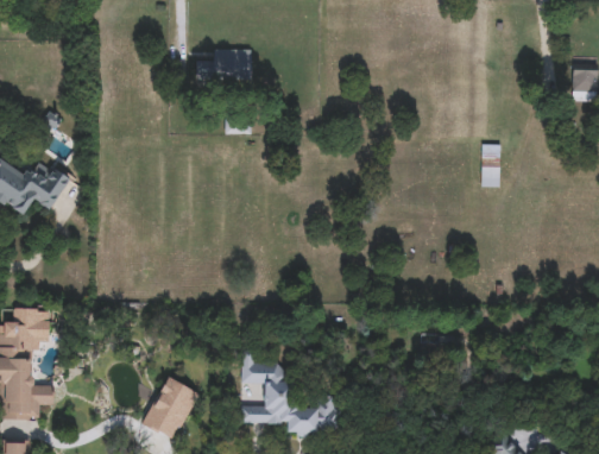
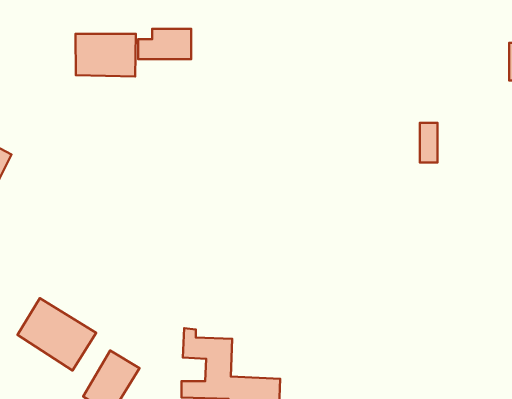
building: none -> [76,34,136,76]
building: none -> [18,298,96,370]

